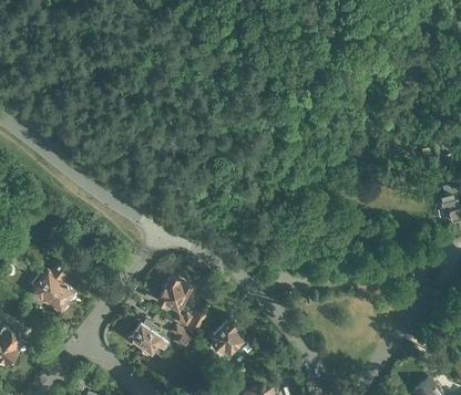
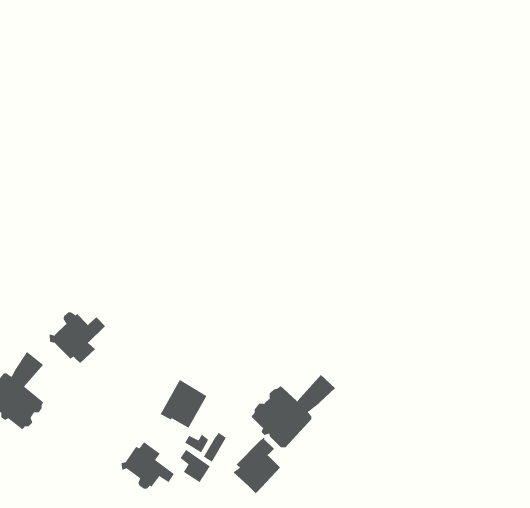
building: none -> [49,311,106,364]
building: none -> [250,374,336,448]

